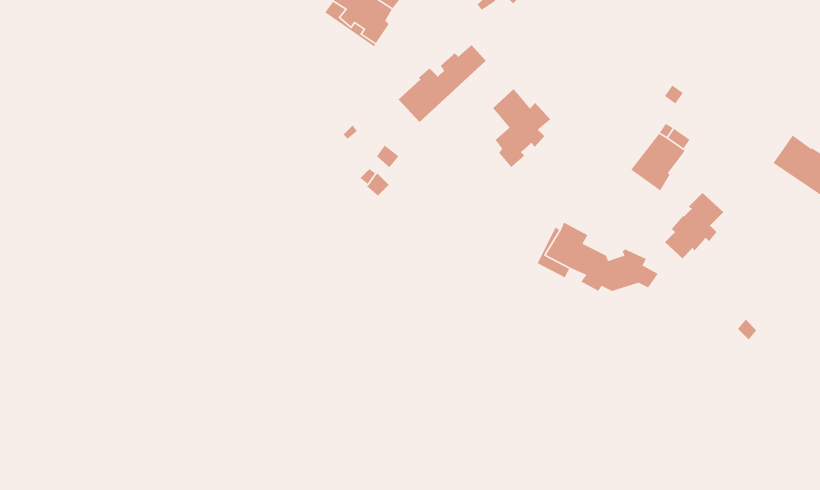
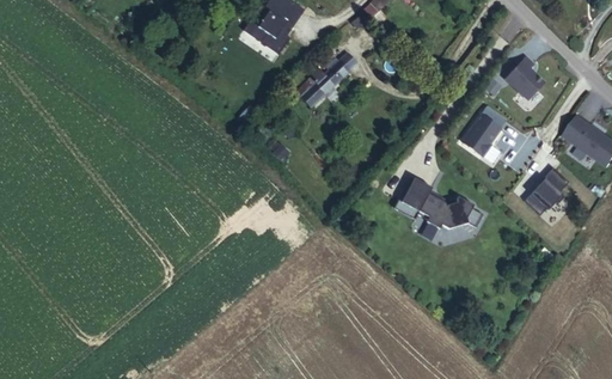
building: none -> [506,56,544,99]
building: [492,88,551,168] -> none
building: [664,192,724,259] -> [526,167,569,215]

